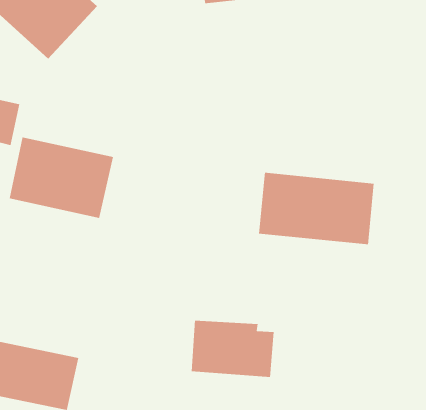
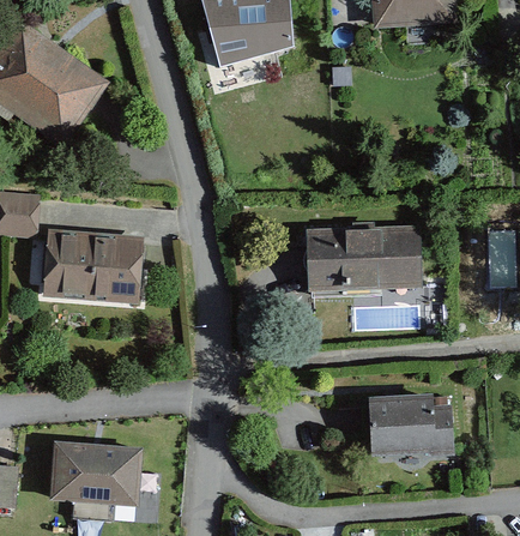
building: [191,320,275,378] -> [364,397,452,456]

